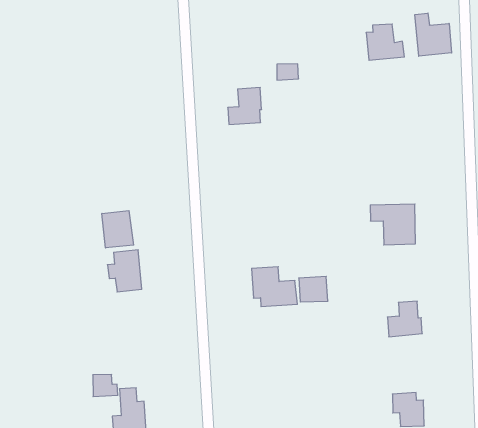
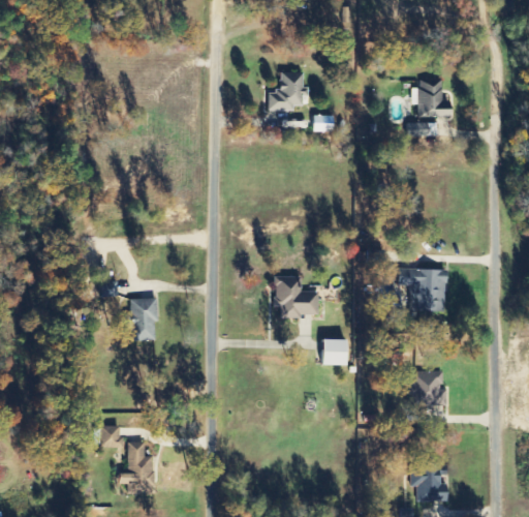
building: [415,13,452,56] -> none
building: [228,88,262,124] -> [270,72,305,109]
building: [102,211,134,248] -> none
building: [252,267,297,307] -> [274,276,319,316]

